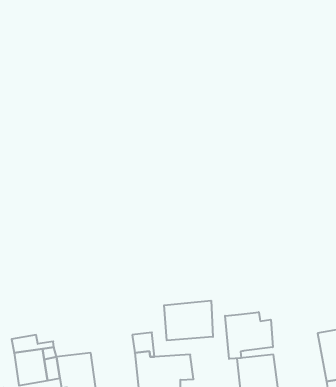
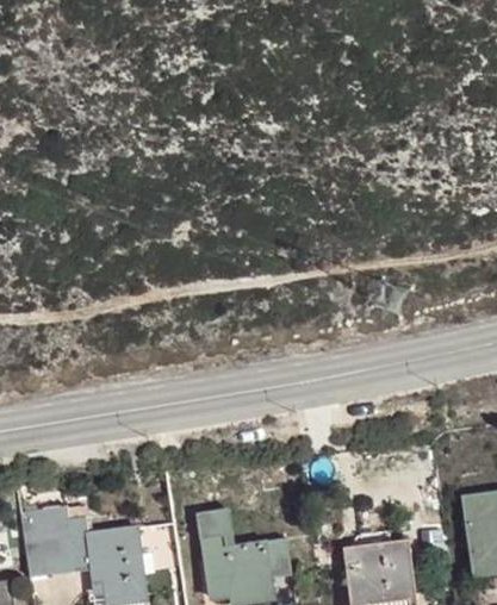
building: [164,301,213,340] -> none
building: [225,312,273,359] -> none

